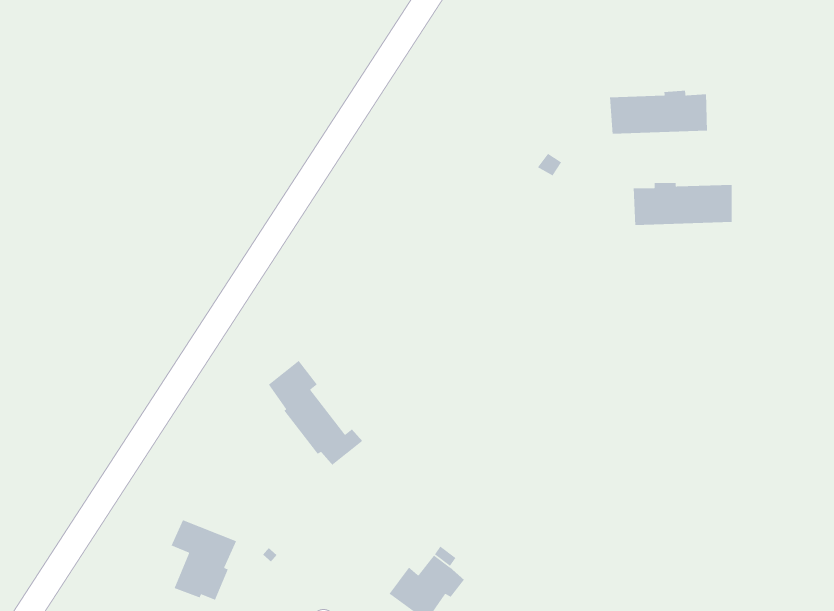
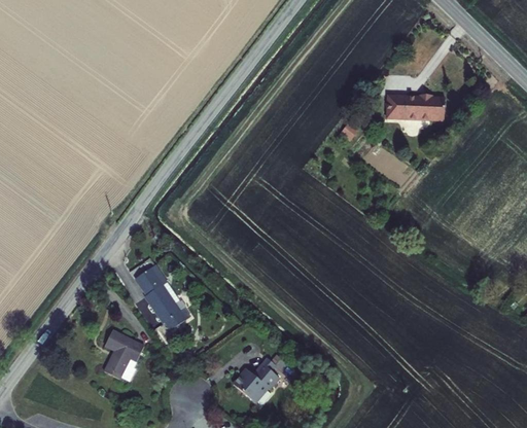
building: [633,182,733,226] -> none
building: [268,360,363,466] -> [136,265,190,330]

